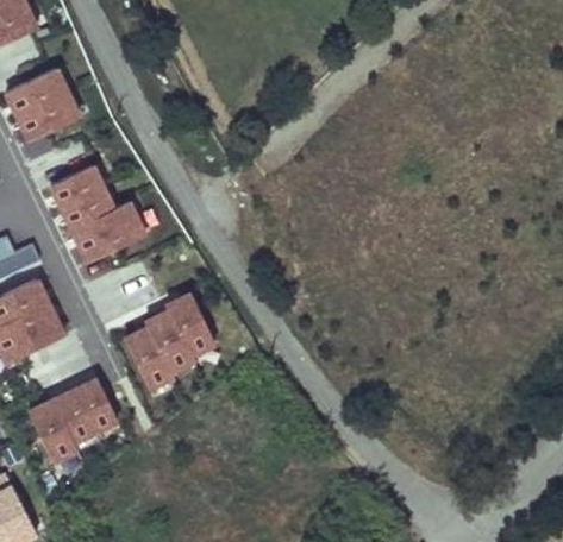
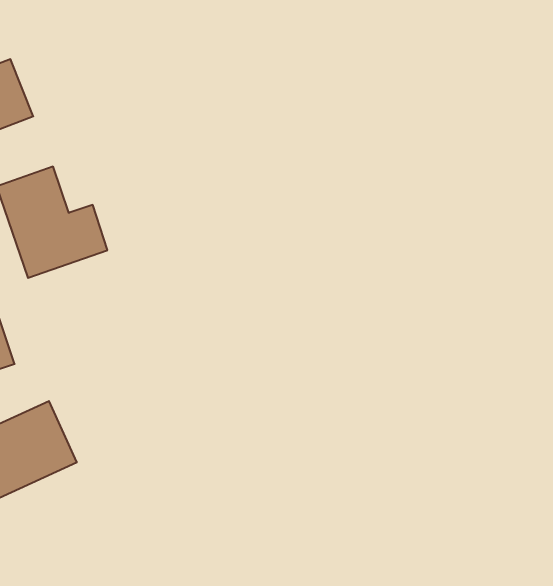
building: [114,295,221,390] -> none

